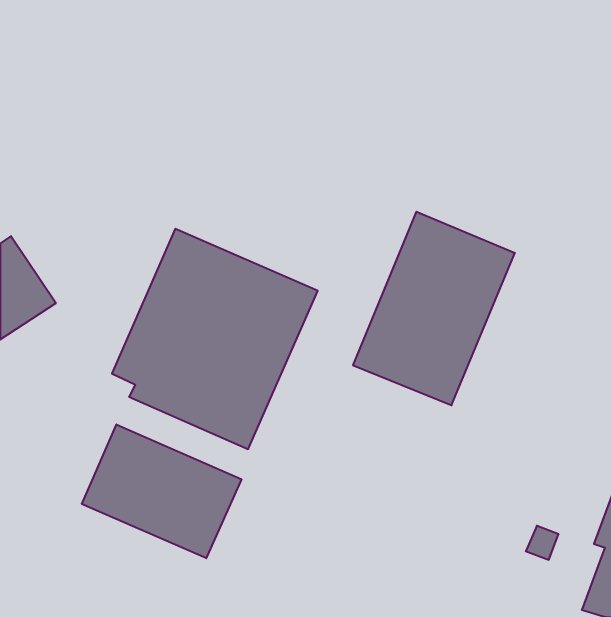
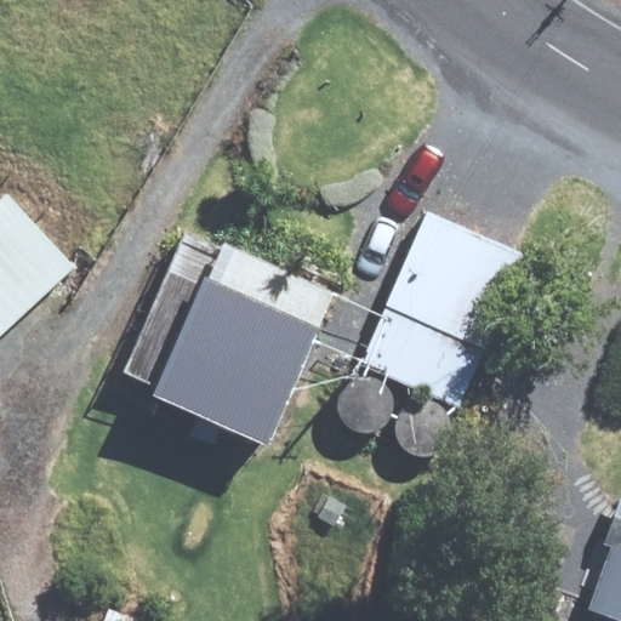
building: [82,424,241,558] -> none

